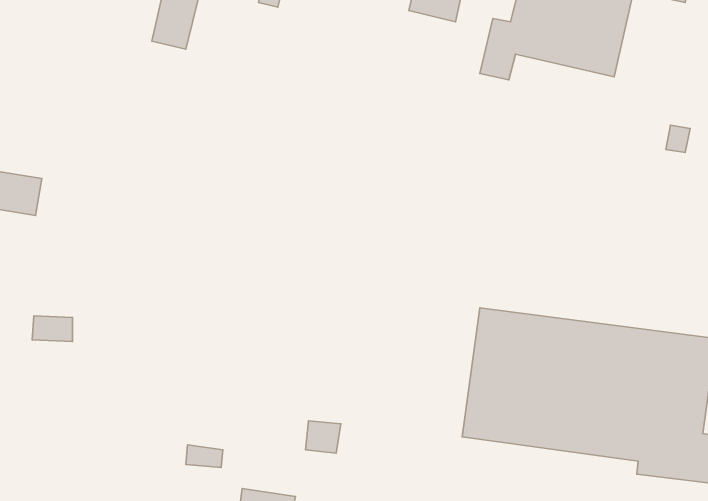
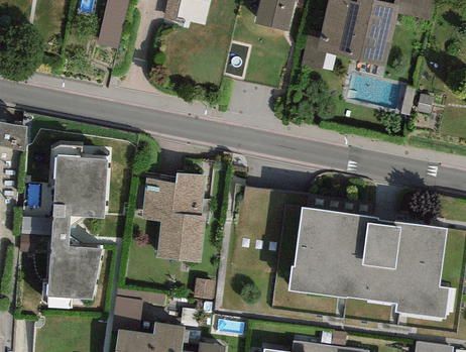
building: none -> [43,157,106,308]
building: none -> [143,167,212,264]

